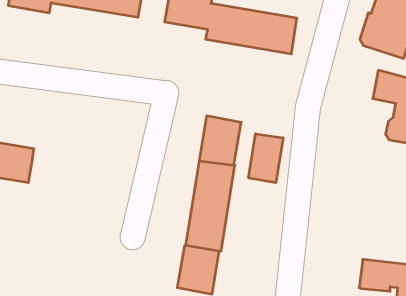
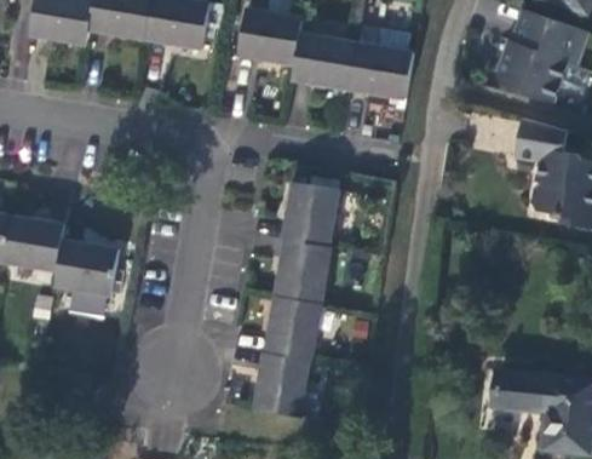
building: [249,134,283,183] -> none
building: none -> [52,241,134,300]

